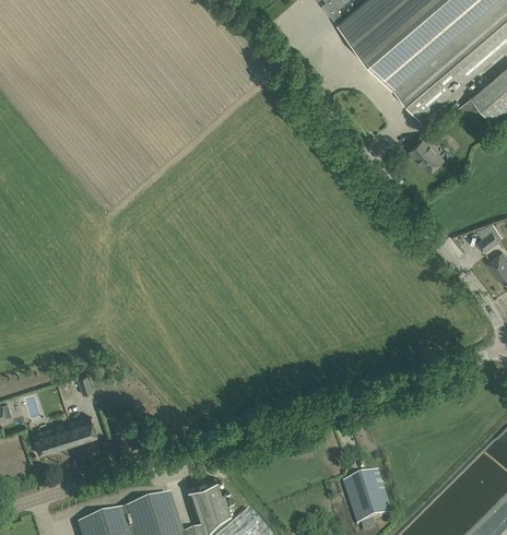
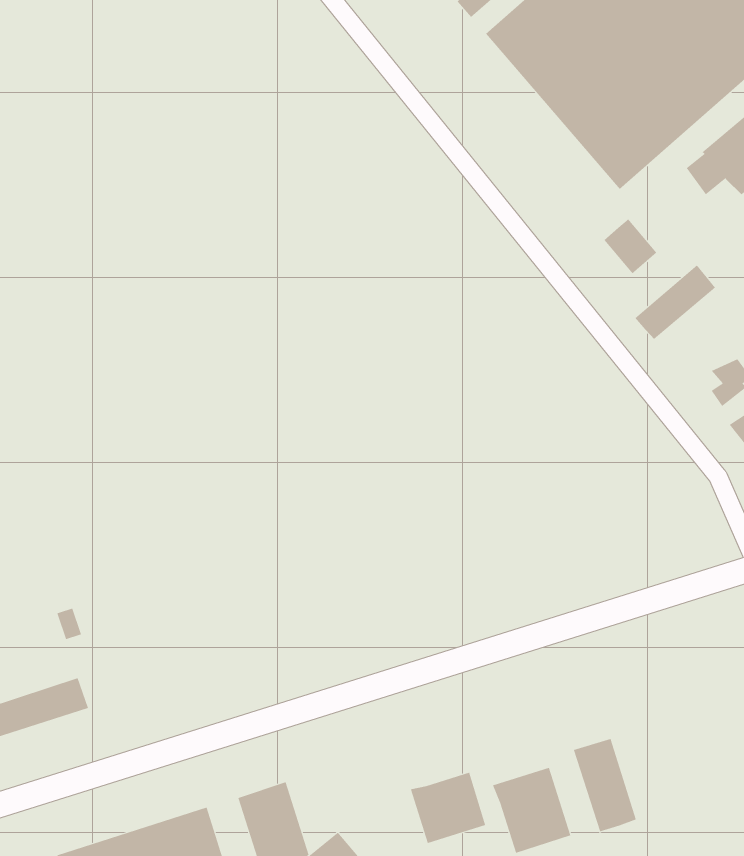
building: none -> [635,264,716,340]
building: none -> [573,738,636,832]
building: none -> [410,772,486,844]

